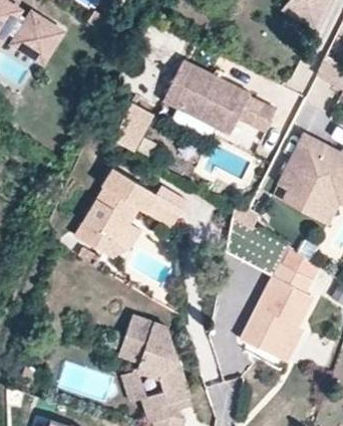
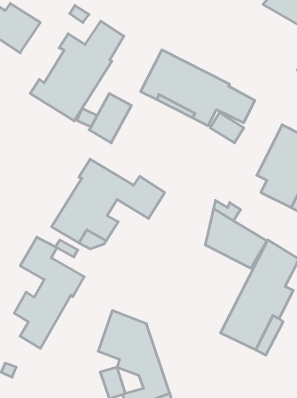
building: none -> [30,21,124,121]
building: none -> [14,237,84,348]

